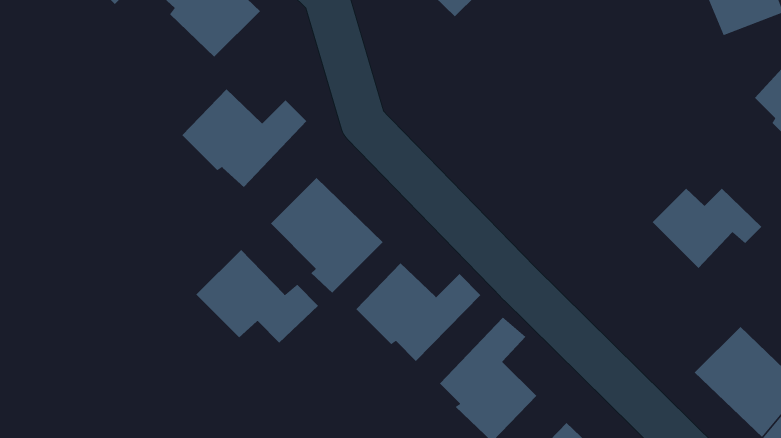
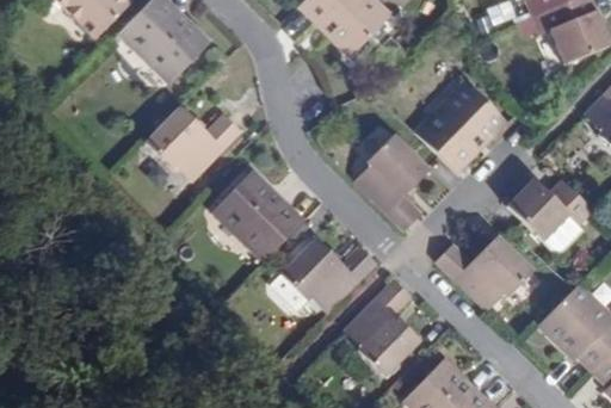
building: none -> [415,84,505,169]
building: none -> [353,135,430,230]
building: [196,249,319,343] -> none
building: none -> [436,235,533,311]

